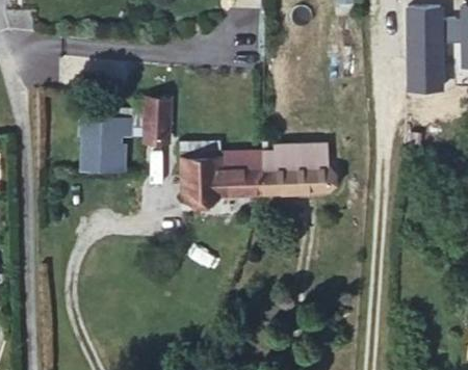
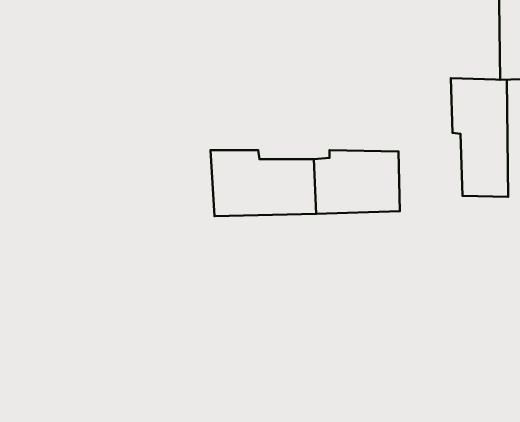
building: none -> [451,78,508,197]
building: [81,99,170,173] -> none

